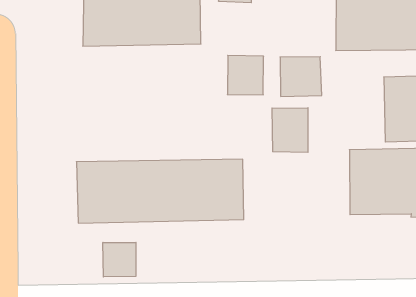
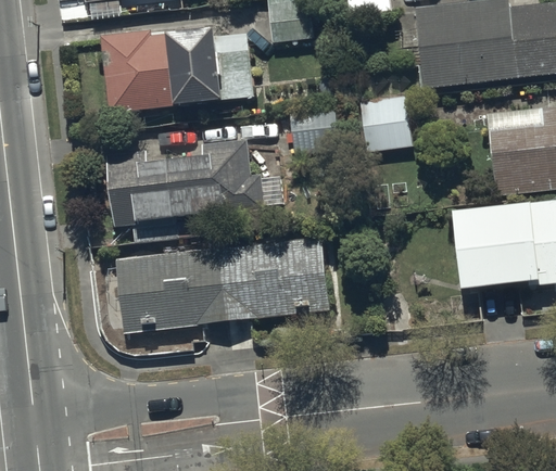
building: none -> [109,140,283,227]
building: [272,108,308,152] -> none
building: [103,242,136,277] -> none

